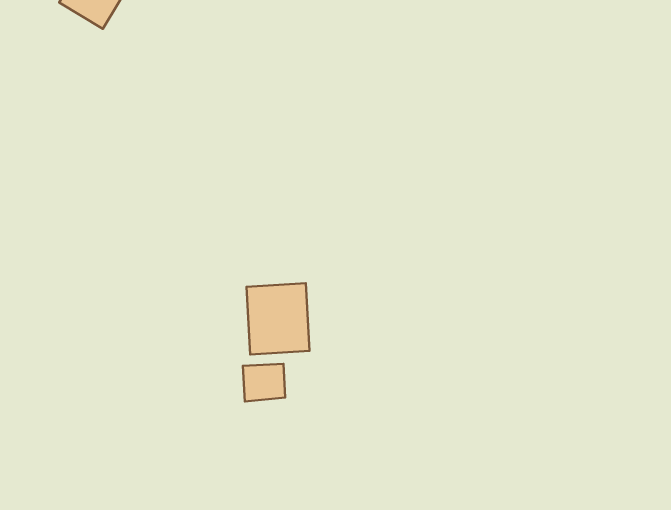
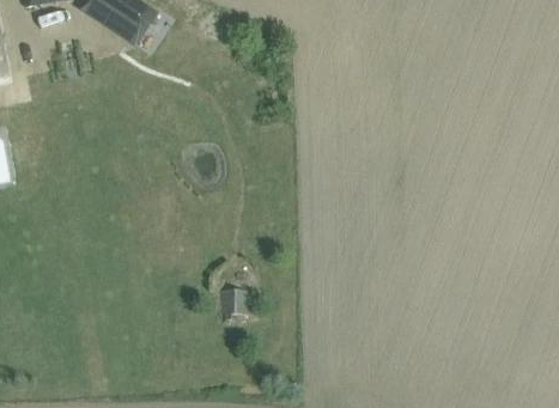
building: [246,283,309,355] -> none

